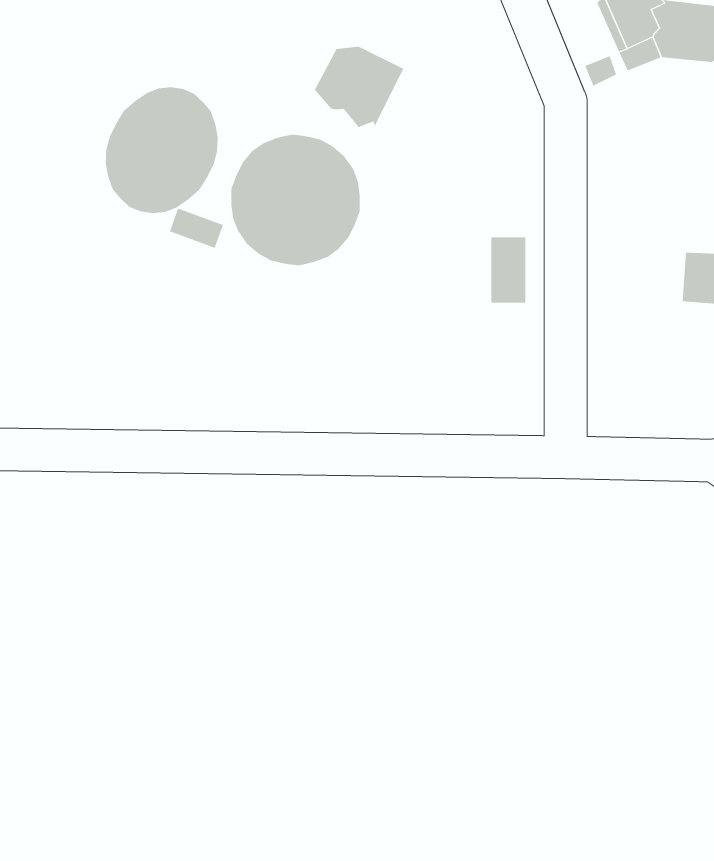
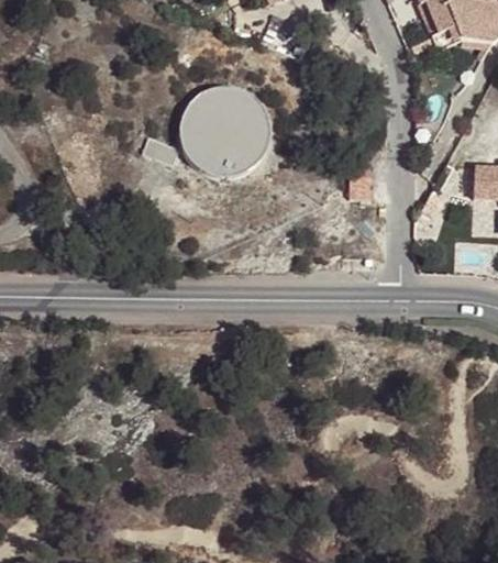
building: [314,46,404,128] -> none
building: [105,86,218,214] -> none

